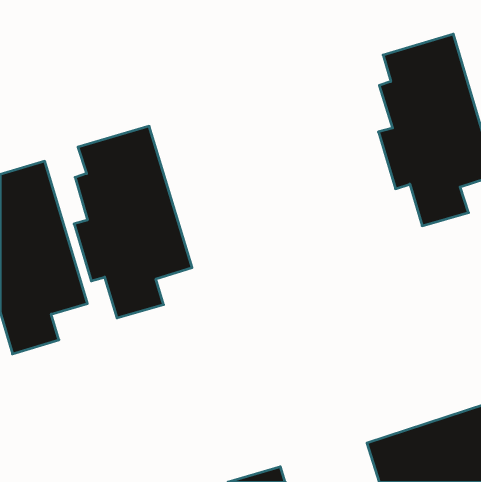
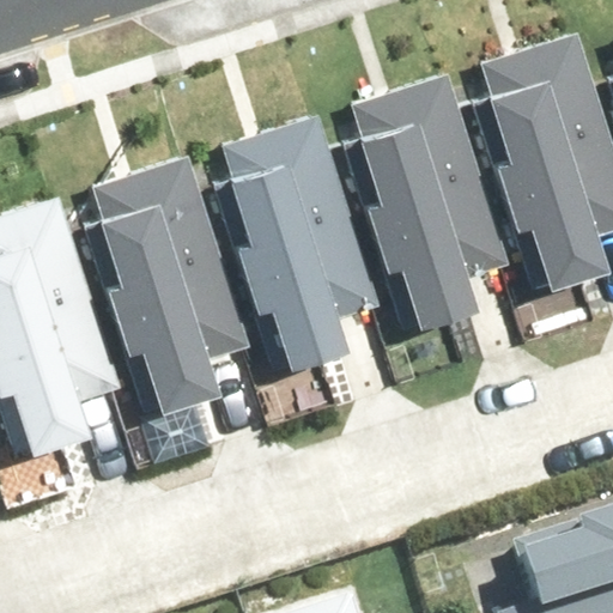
building: none -> [356,85,504,327]
building: none -> [227,121,377,363]

